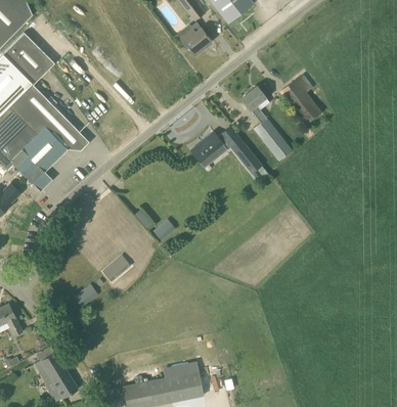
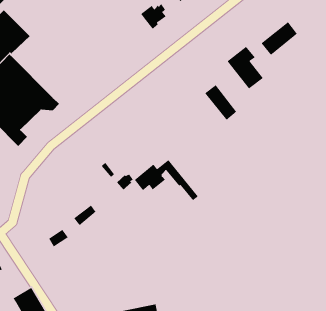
building: none -> [260,21,298,56]
building: [240,85,267,123] -> none
building: [190,126,265,174] -> [134,159,199,201]

